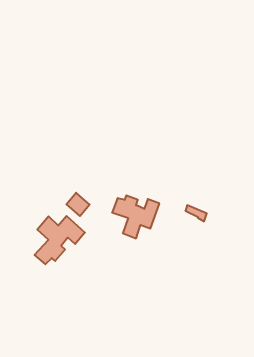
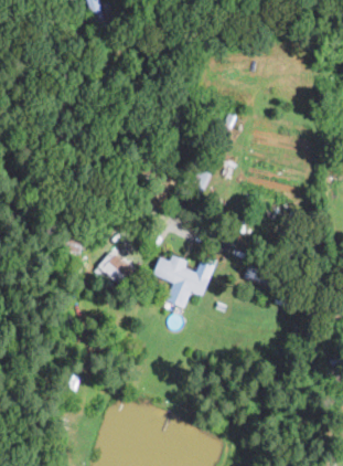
building: [35,216,85,264] -> none

